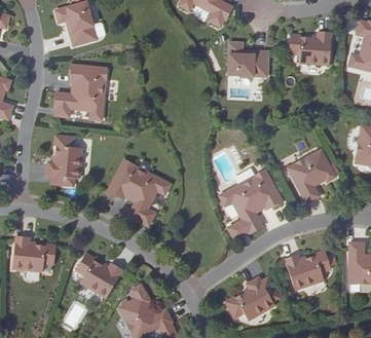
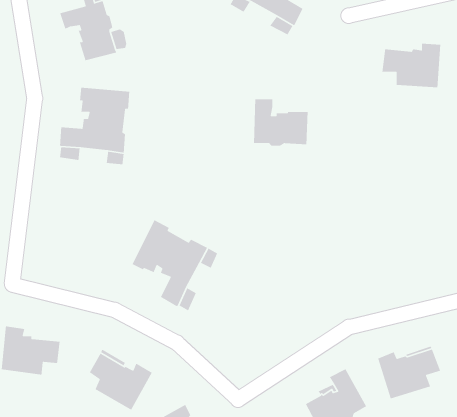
building: [227,42,267,77] -> [253,98,309,147]
building: [41,136,75,178] -> none
building: [287,150,335,203] -> none
building: [219,170,283,237] -> none

